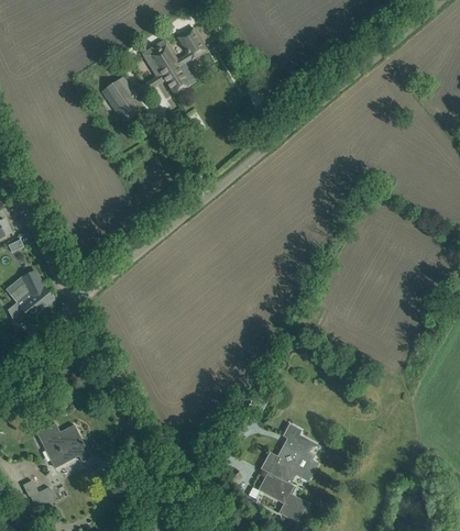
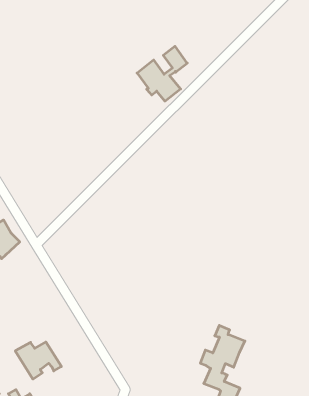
building: [144,27,207,93] -> [137,46,187,101]
building: [102,76,147,122] -> none

